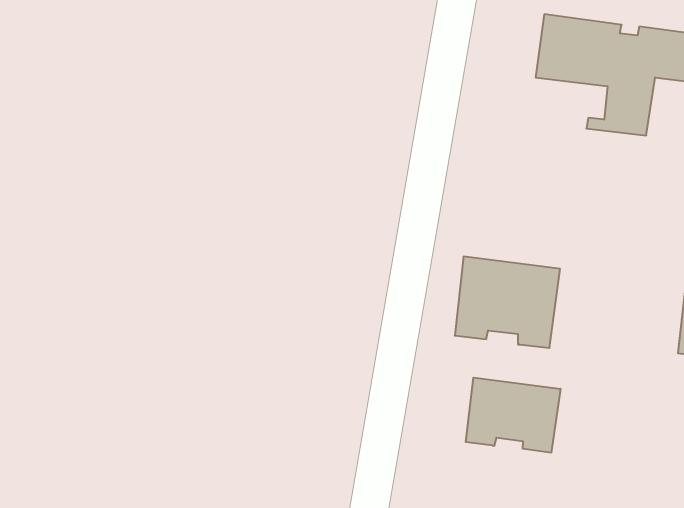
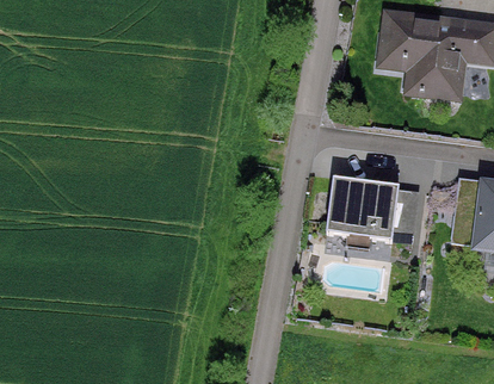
building: [466,378,560,453] -> none

